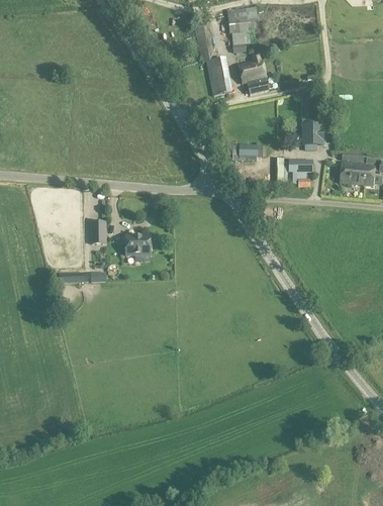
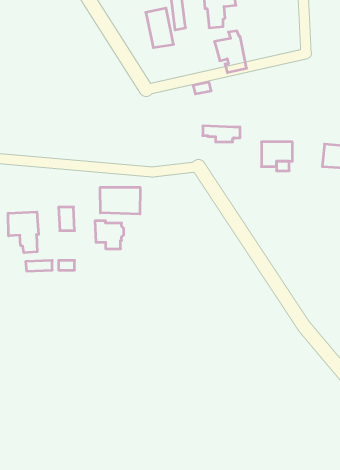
building: [205,58,231,95] -> [146,8,174,48]
building: [300,117,323,144] -> none
building: none -> [100,187,140,214]
building: none -> [8,212,39,253]

